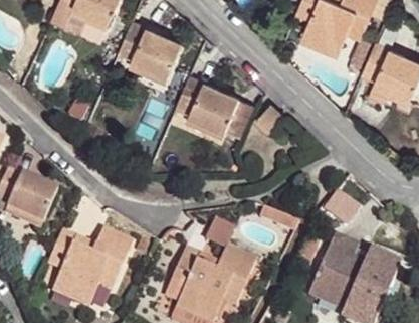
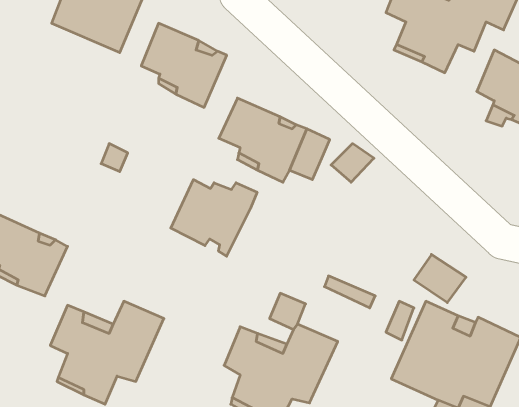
building: none -> [171,180,257,256]

